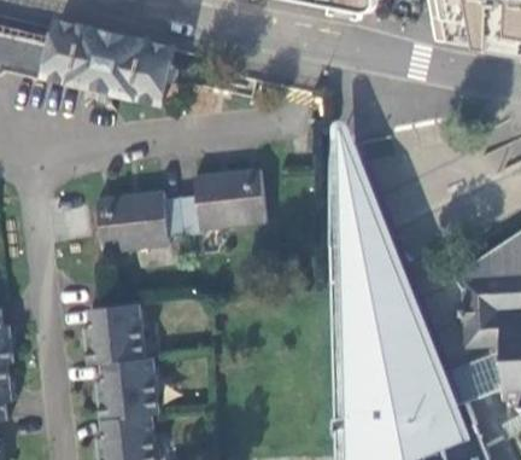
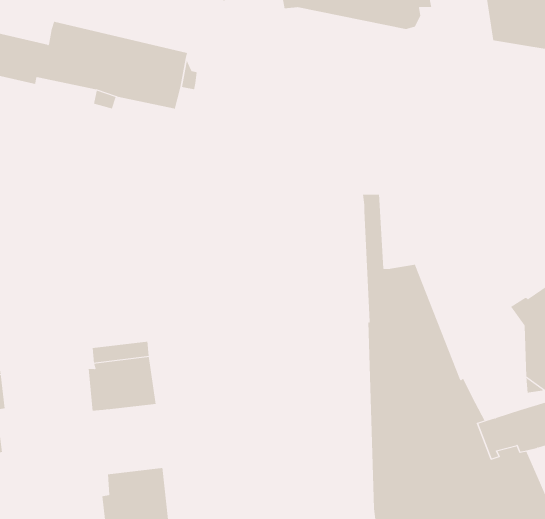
building: [344,127,443,371] -> none
building: [94,168,267,252] -> none
building: [96,355,159,418] -> none

